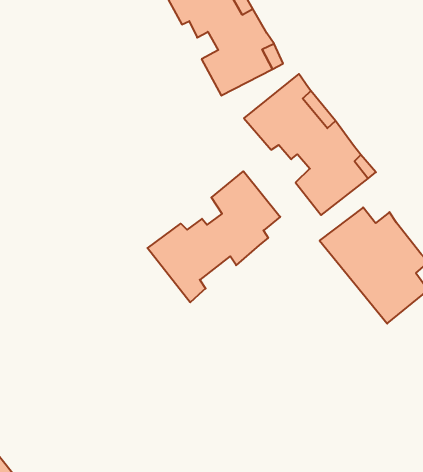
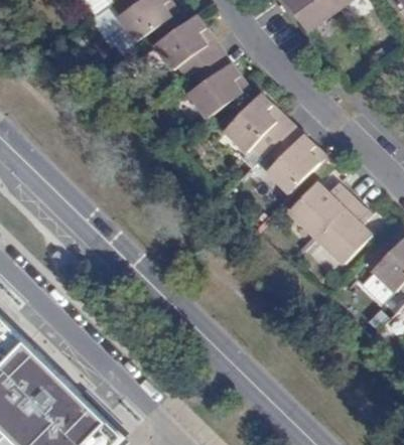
building: [147,171,280,302] -> none

